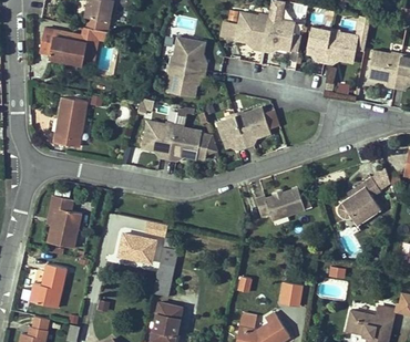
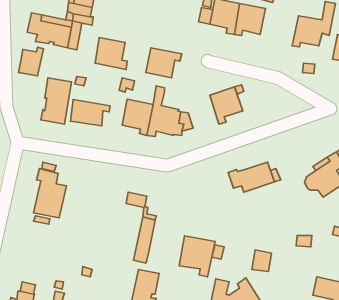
building: [306,27,330,63] -> none
building: [172,38,206,72] -> [95,37,127,69]
building: none -> [18,47,44,76]
building: [216,116,245,151] -> none
building: none -> [71,100,110,126]
building: [117,234,155,263] -> none
building: [29,265,66,308] -> none
building: none -> [179,236,215,277]

